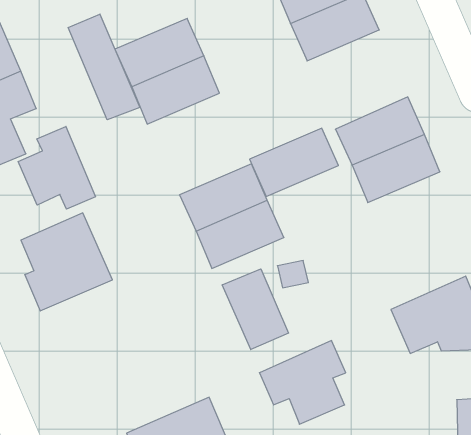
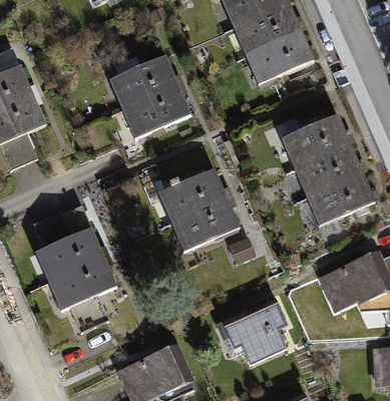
building: [68,14,140,120] -> none
building: [18,126,96,209] -> none
building: [250,128,338,197] -> [304,171,373,225]
building: [222,269,288,350] -> none
building: none -> [49,256,117,333]

